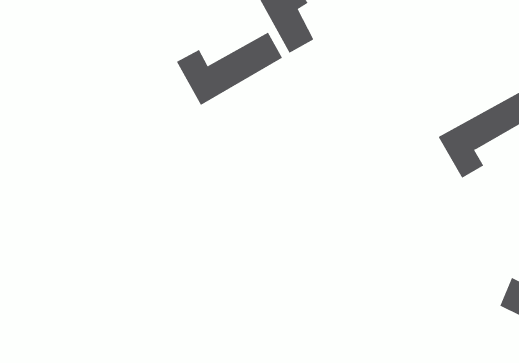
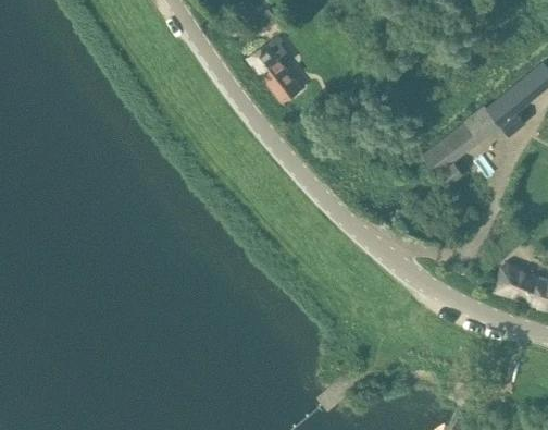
building: [176,32,283,106] -> none

